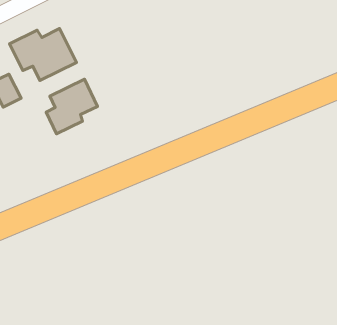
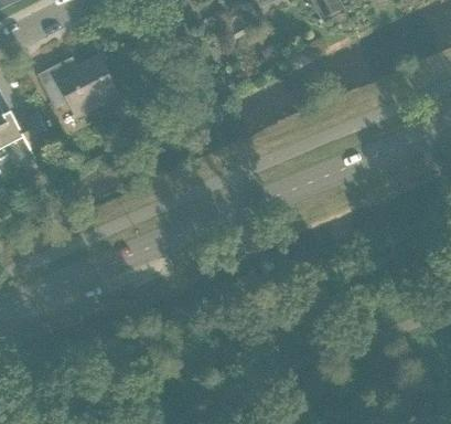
building: [46,79,97,134] -> none

